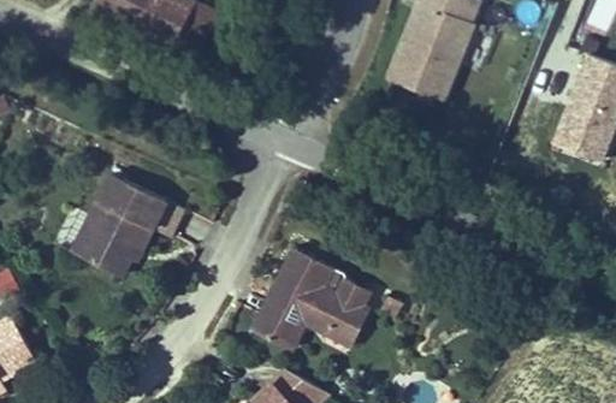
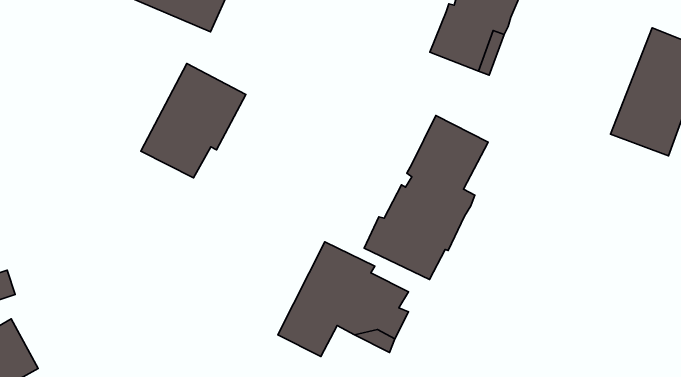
building: none -> [364,116,488,279]
building: [70,173,164,275] -> [141,64,246,178]

